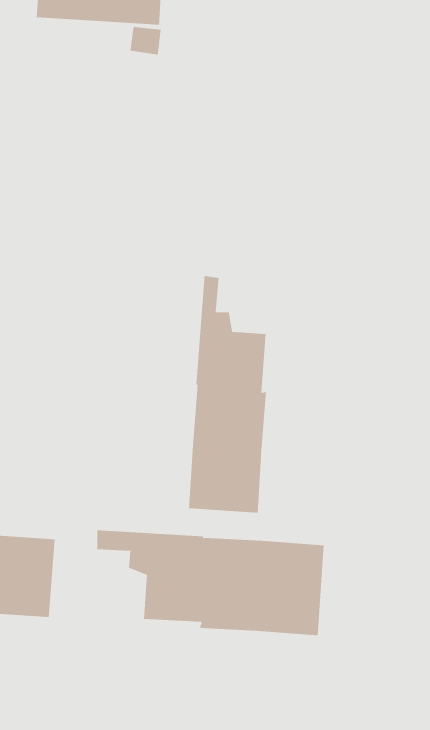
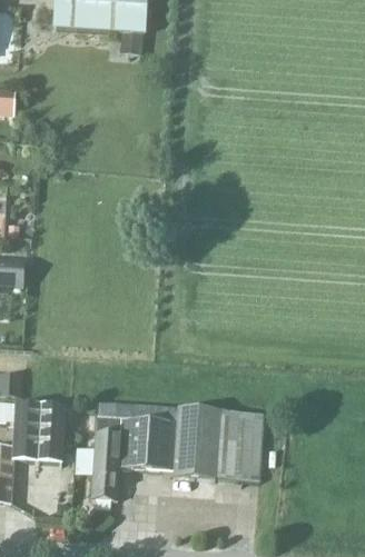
building: [188,275,266,514] -> none
building: none -> [91,416,132,498]

